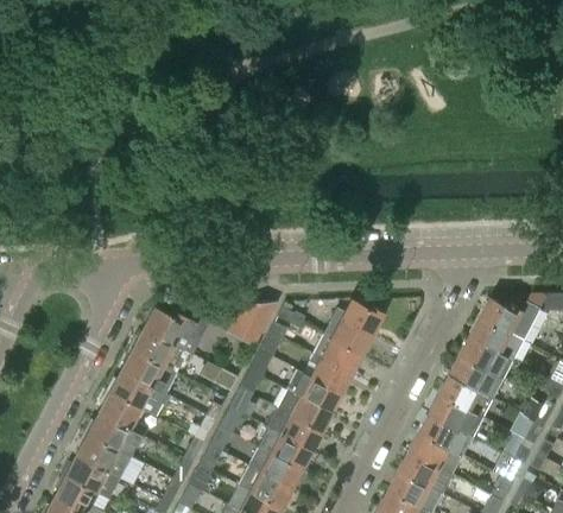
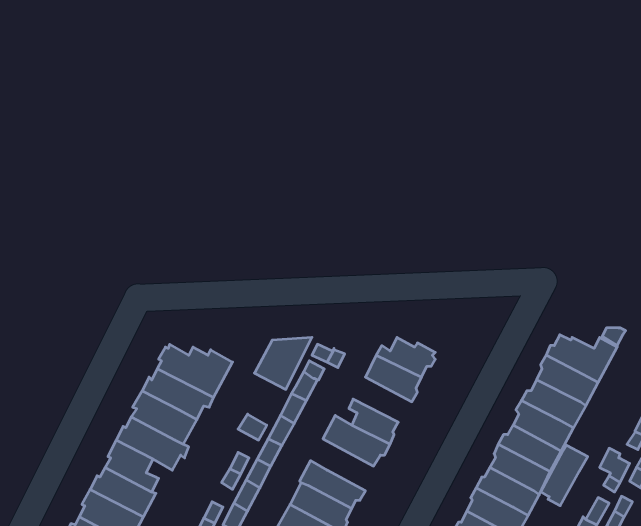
building: [312,336,363,375] -> none
building: [276,390,330,435] -> none
building: none -> [541,445,588,506]

